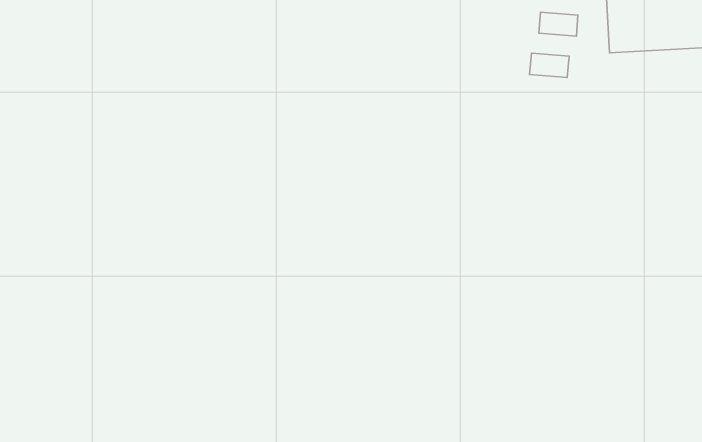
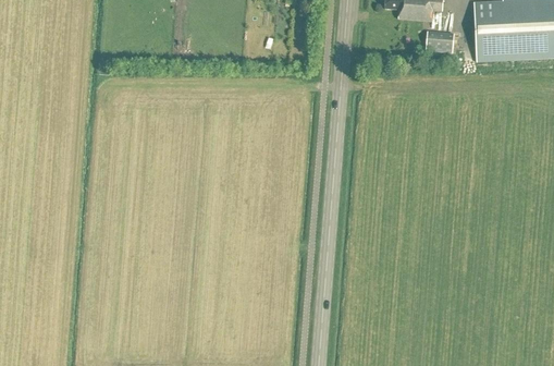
building: [530,53,569,78] -> none

